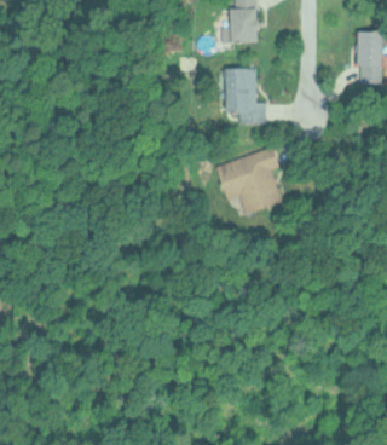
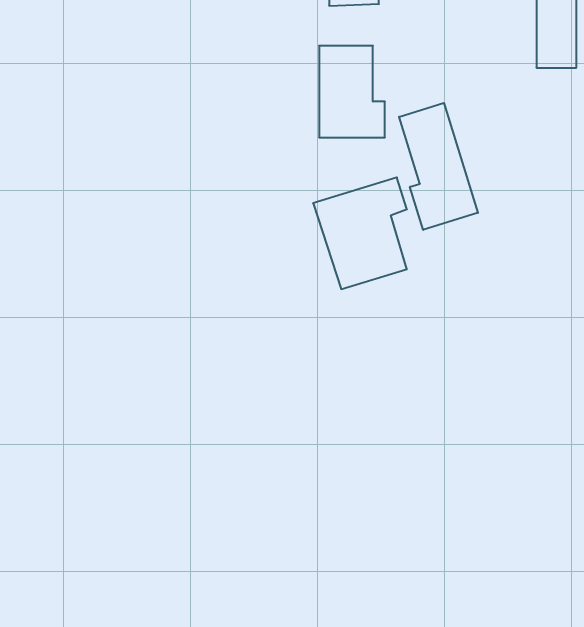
building: none -> [399,103,478,230]

